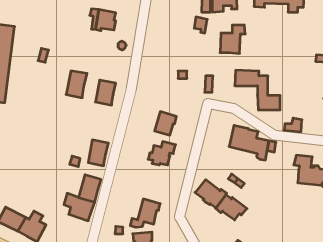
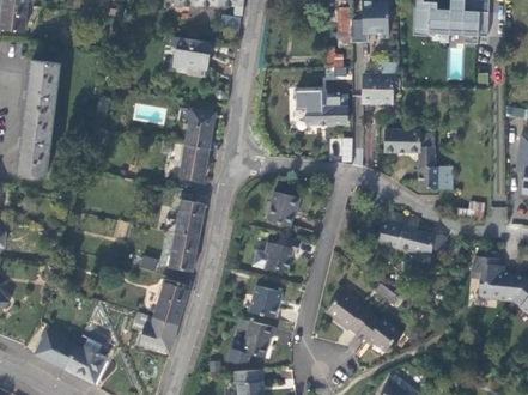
building: none -> [305,95,347,124]
building: [66,71,87,98] -> [184,109,216,148]
building: none -> [174,200,204,237]
building: none -> [249,285,281,317]

